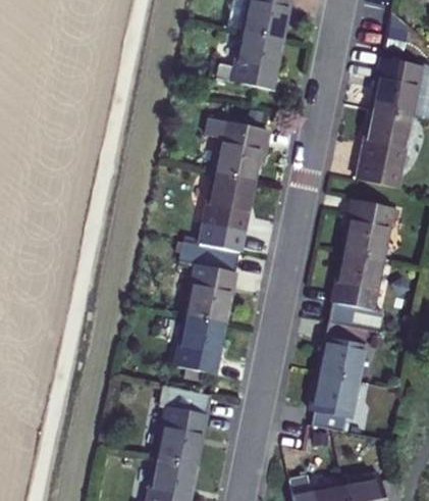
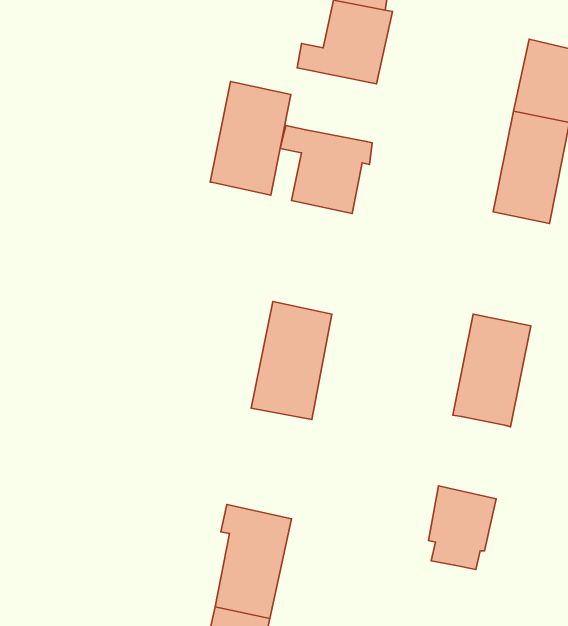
building: [200,171,257,252] -> [210,81,291,195]
building: [342,199,393,260] -> none
building: [175,318,228,379] -> none
building: [318,324,366,383] -> none

